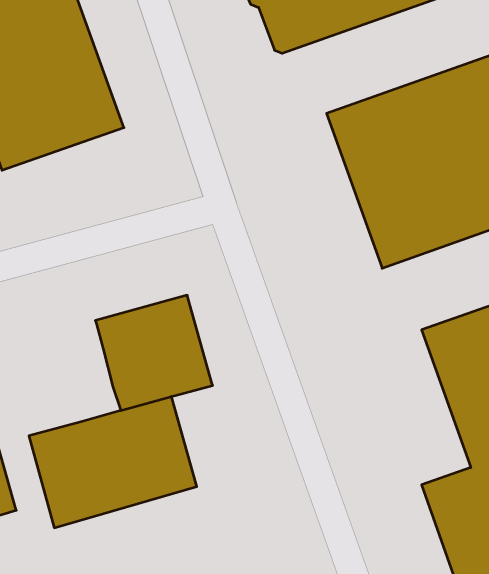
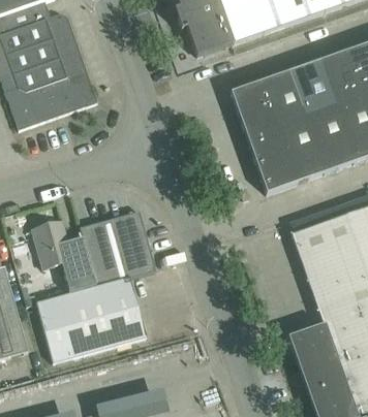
building: none -> [25,219,95,292]

